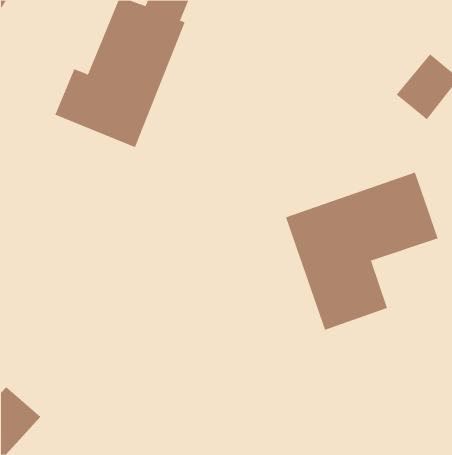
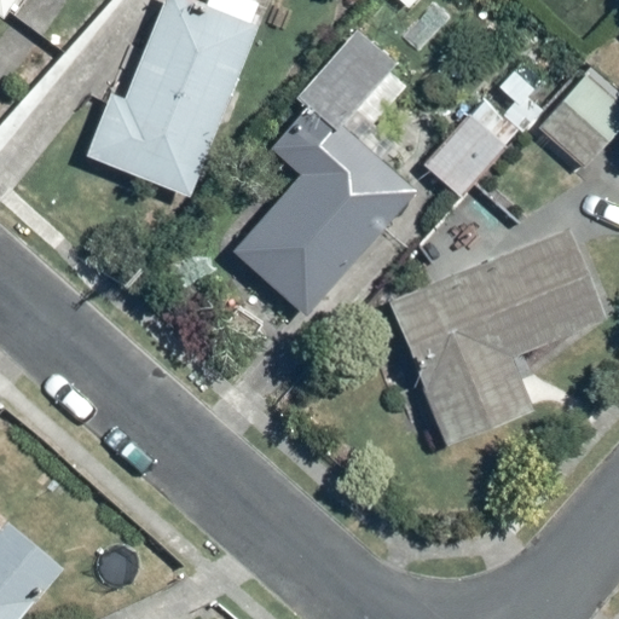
building: none -> [235,21,416,314]
building: none -> [427,97,526,199]

